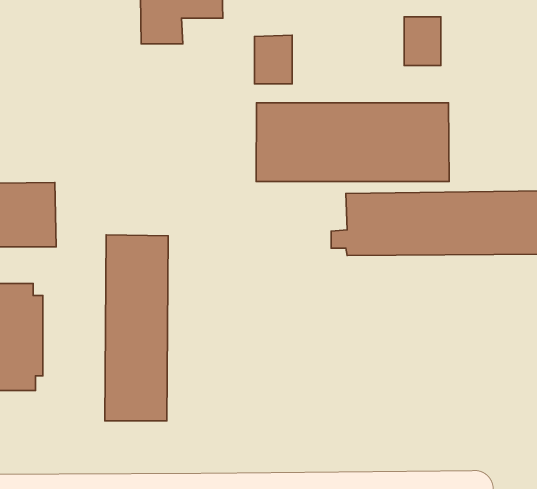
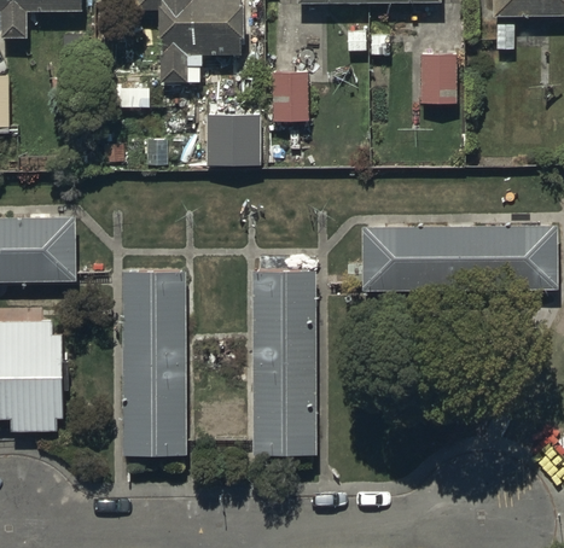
building: none -> [207,112,261,164]
building: [256,103,449,181] -> none
building: none -> [251,273,316,454]

